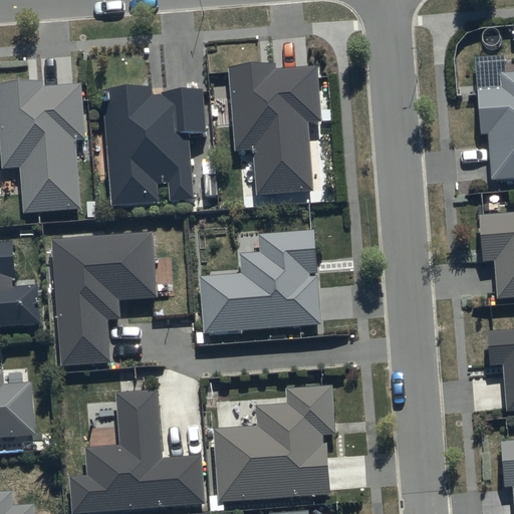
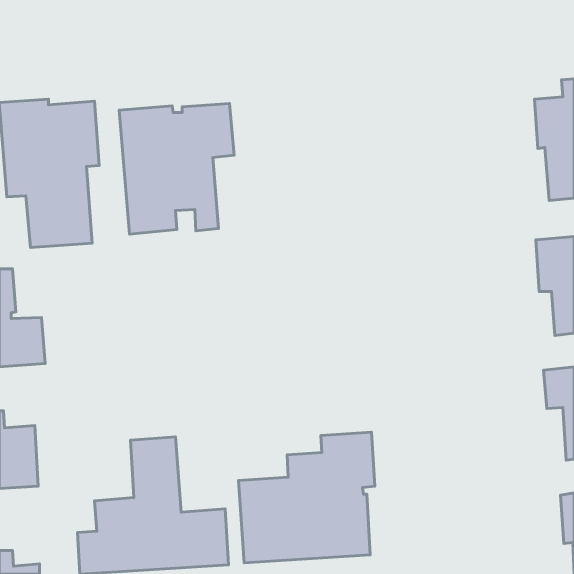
building: [231,71,324,203] -> none
building: [201,227,320,331] -> none
building: [51,232,156,364] -> none

